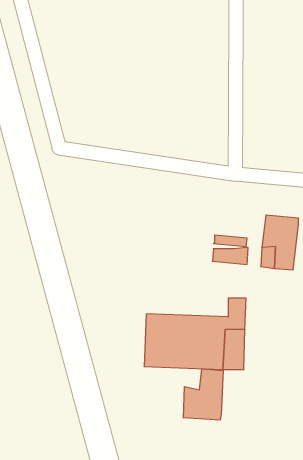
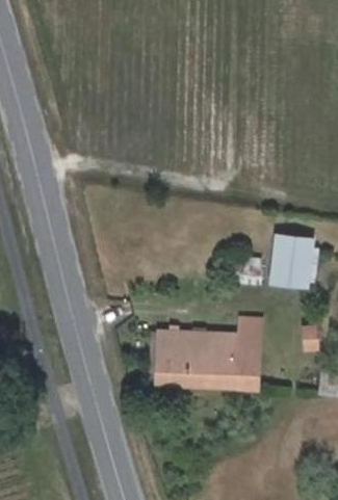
building: [184,369,223,420] -> none

